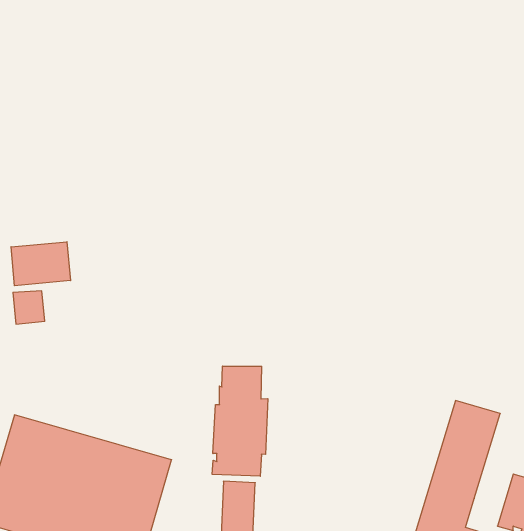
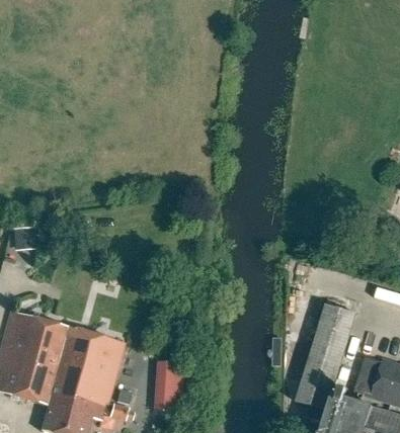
building: [11,242,71,286] -> none
building: [212,366,268,476] -> none

